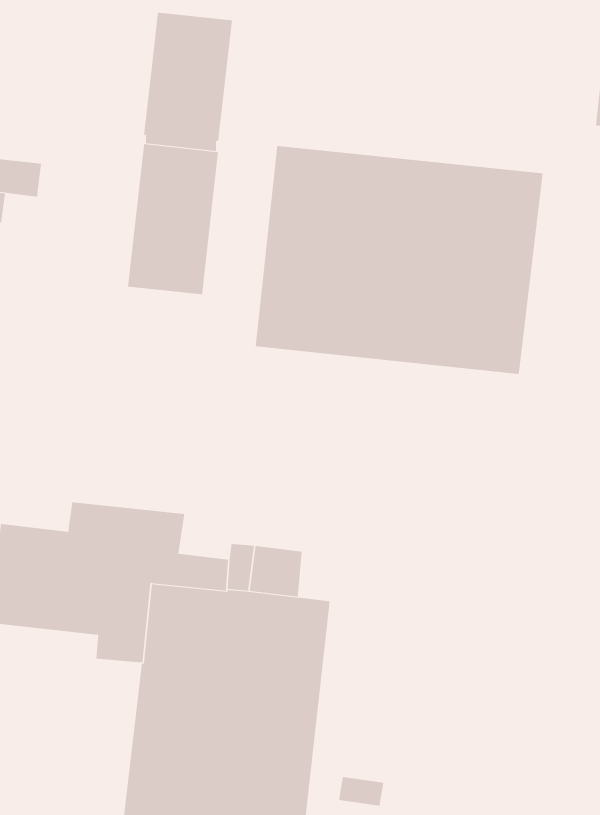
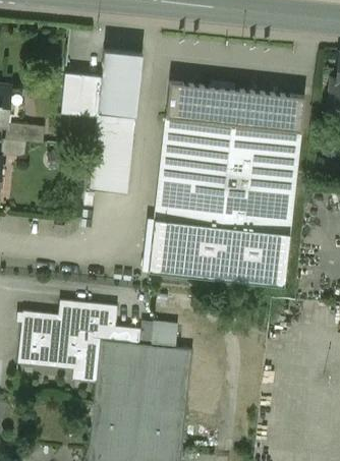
building: none -> [60,72,101,117]
building: none -> [165,82,304,131]
building: none -> [149,220,289,286]

